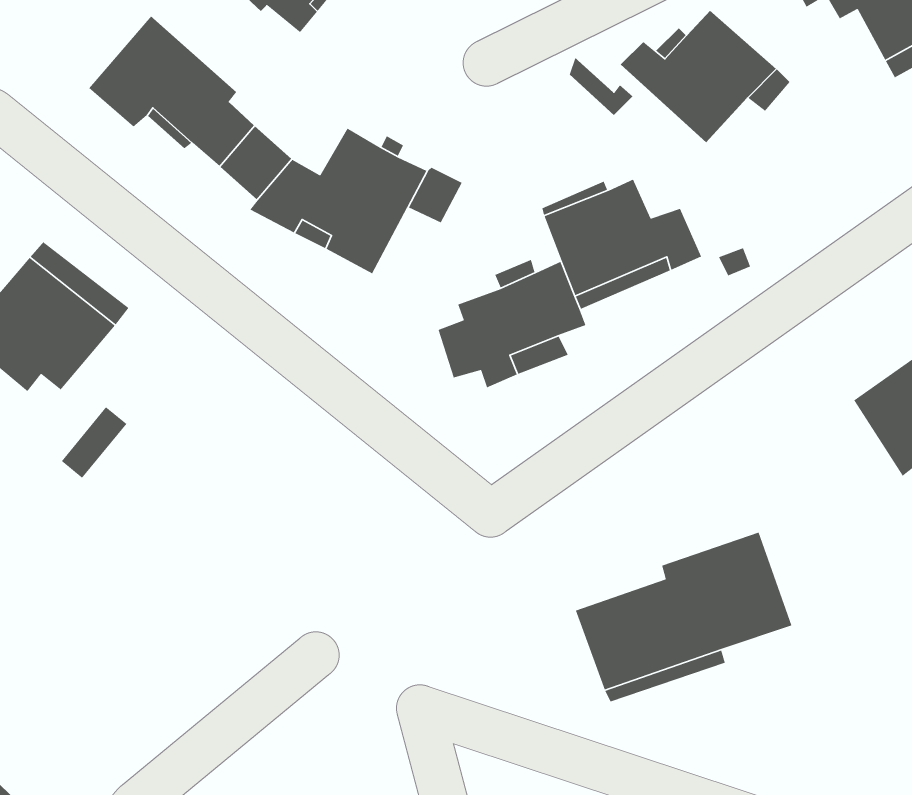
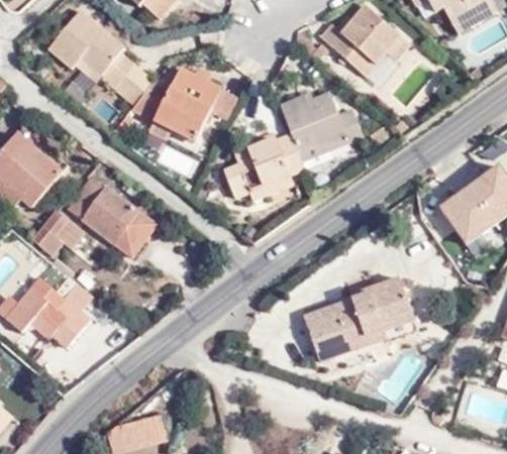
building: none -> [70,180,147,245]
building: none -> [7,287,85,338]

